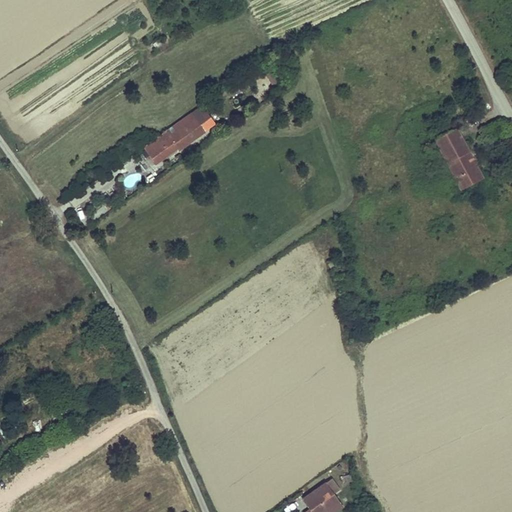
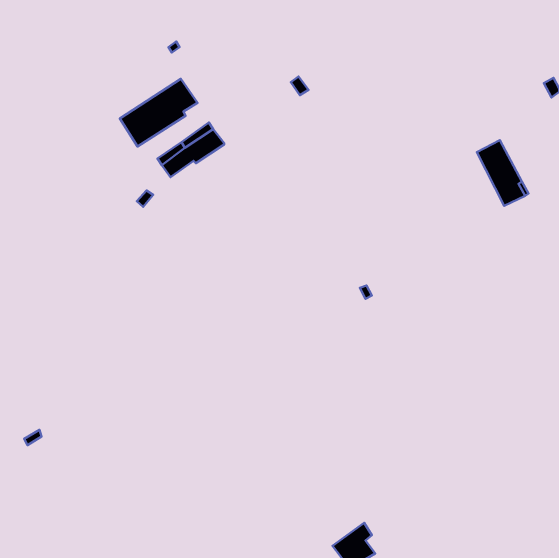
building: none -> [120,79,198,146]
building: [191,102,216,132] -> none

